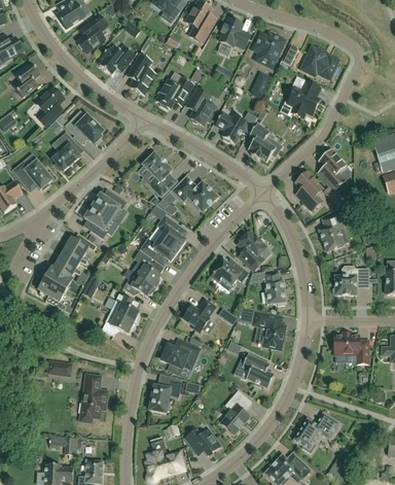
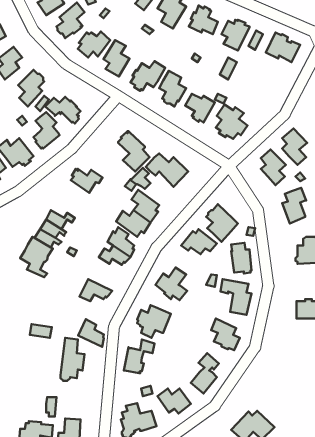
building: [288,75,320,117] -> none
building: [83,205,112,238] -> none
building: [111,293,139,323] -> [78,319,104,347]
building: [294,412,339,453] -> none

